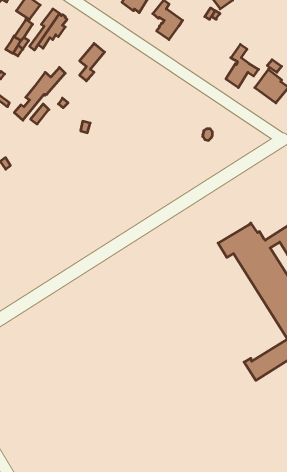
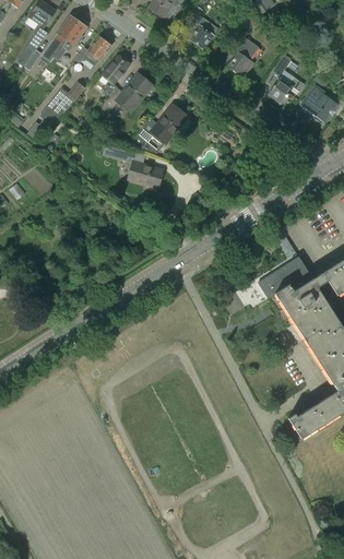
building: none -> [75,36,111,64]
building: none -> [228,37,260,78]
building: none -> [100,73,152,114]
building: none -> [130,105,187,148]
building: none -> [128,162,162,187]

